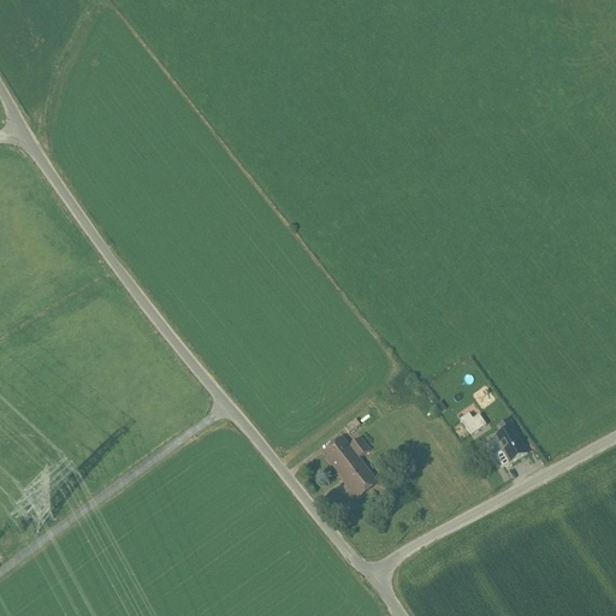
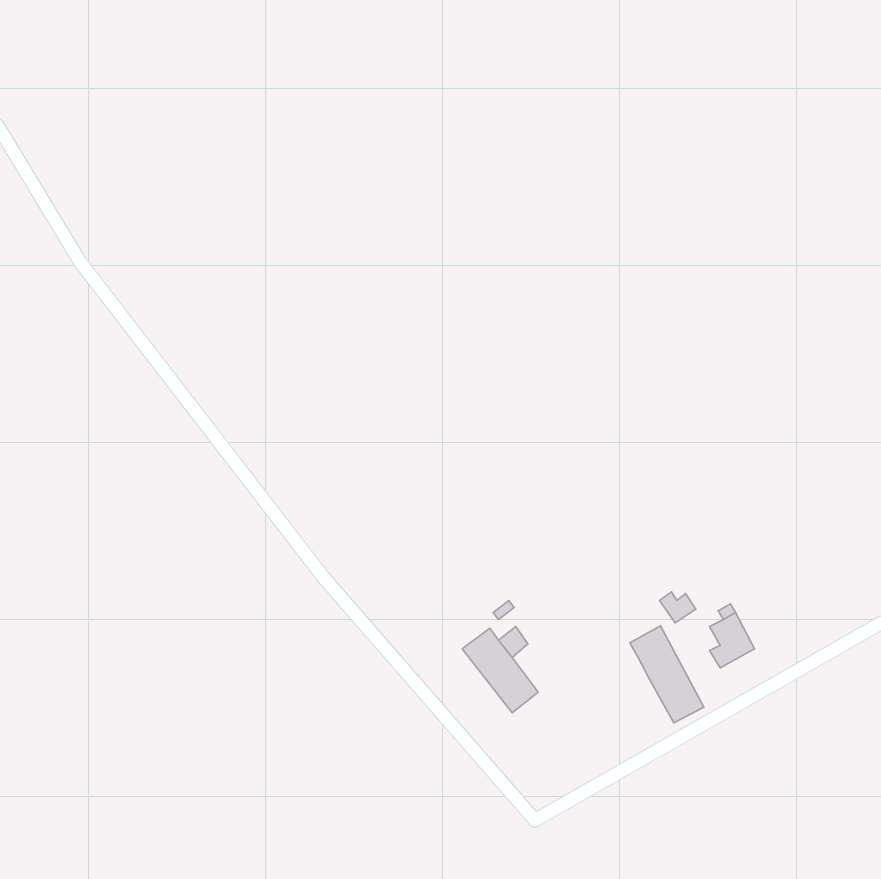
building: none -> [630,626,704,723]

